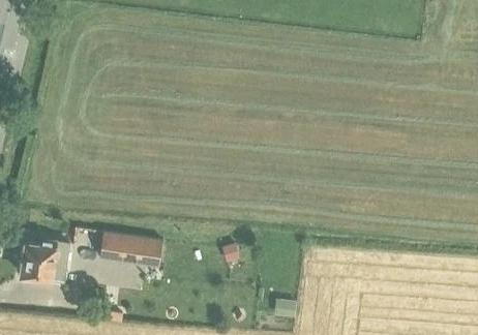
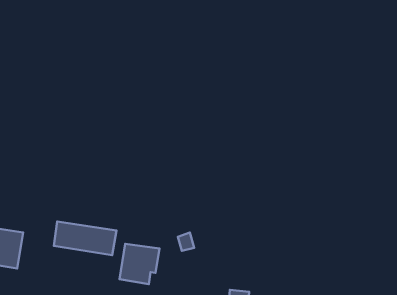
building: none -> [120,244,159,284]

